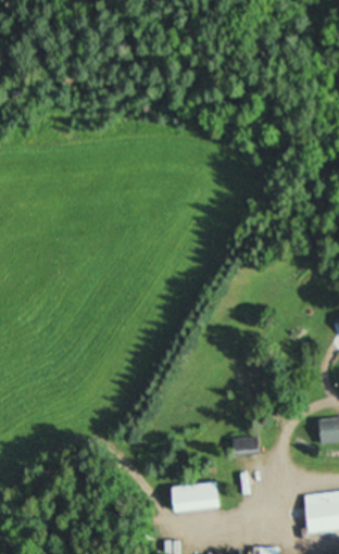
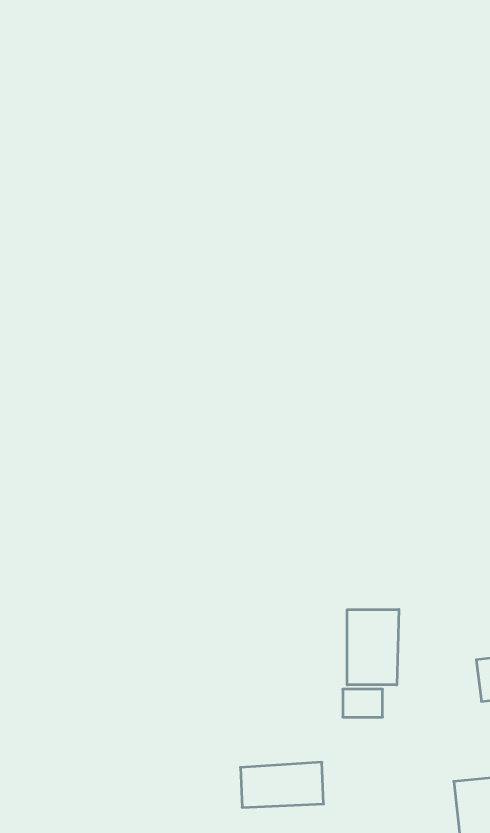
building: none -> [347,609,399,685]

